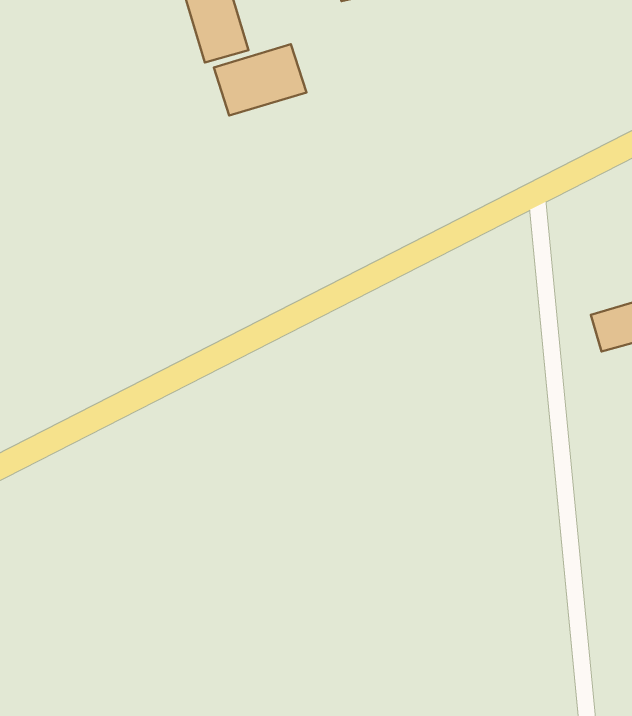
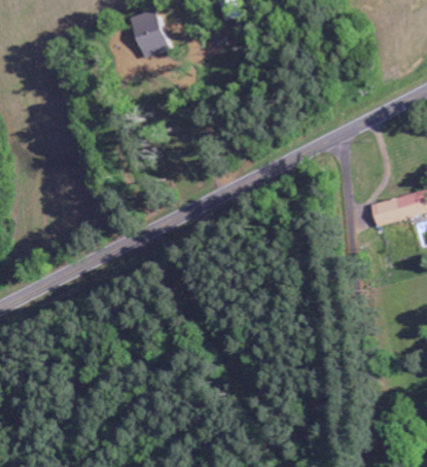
building: [214,44,306,116] -> none

